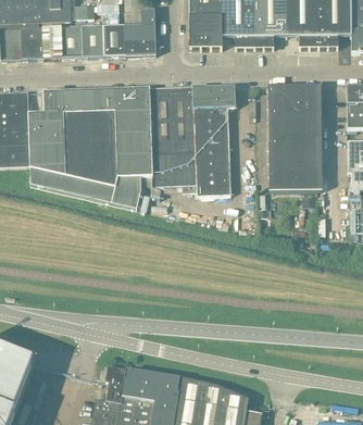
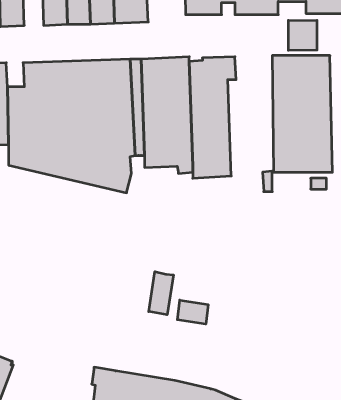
building: none -> [288,20,317,50]
building: none -> [149,272,173,315]
building: none -> [177,300,208,324]

